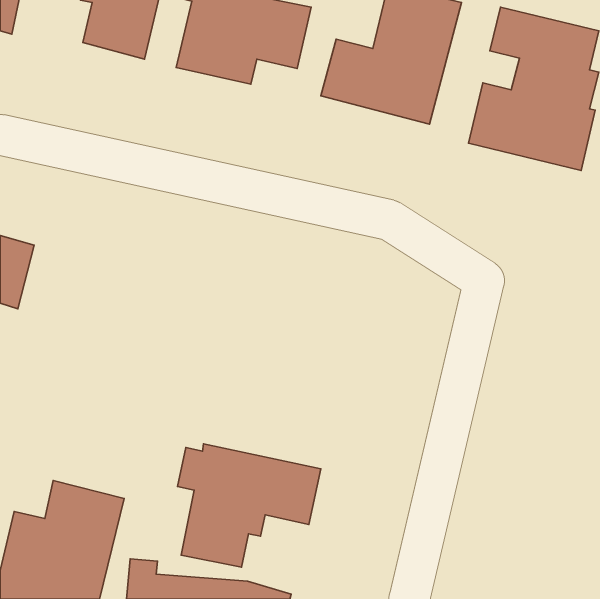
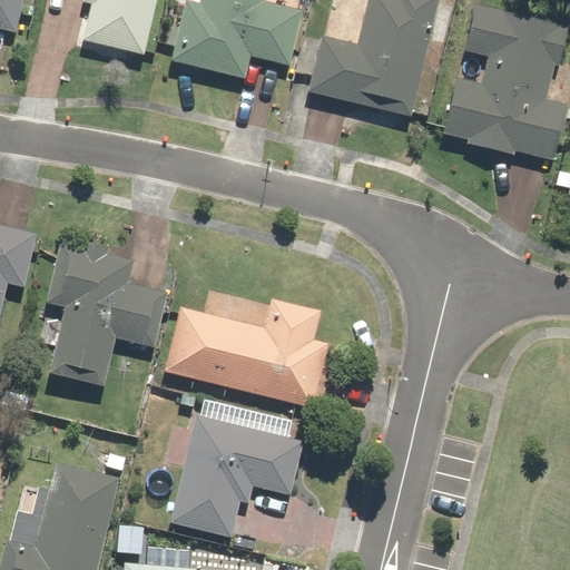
building: none -> [35,242,170,386]
building: none -> [161,284,328,406]

